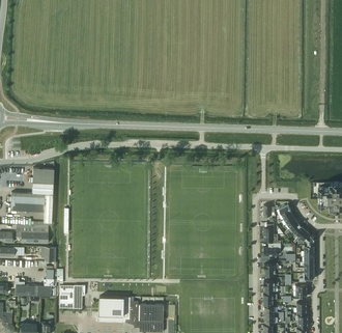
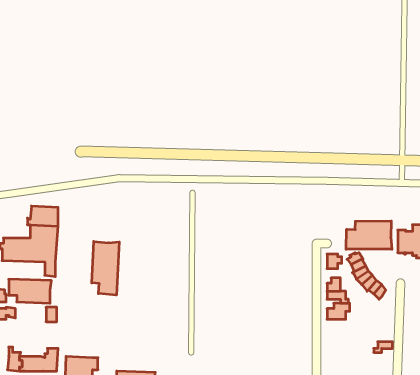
building: none -> [346,221,392,249]
building: none -> [92,241,119,295]

